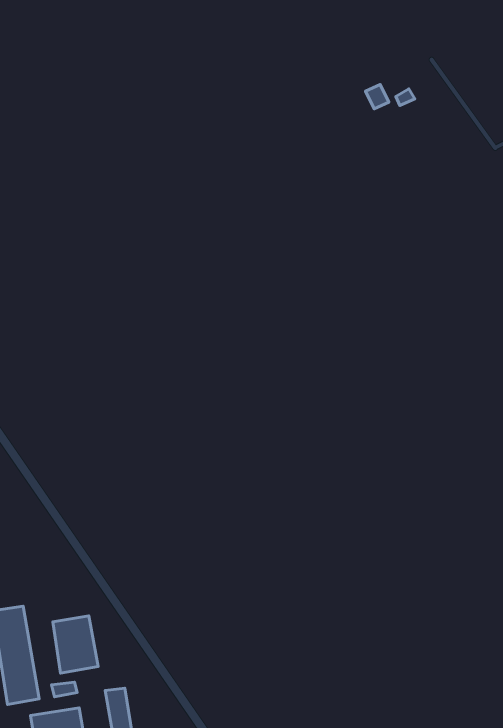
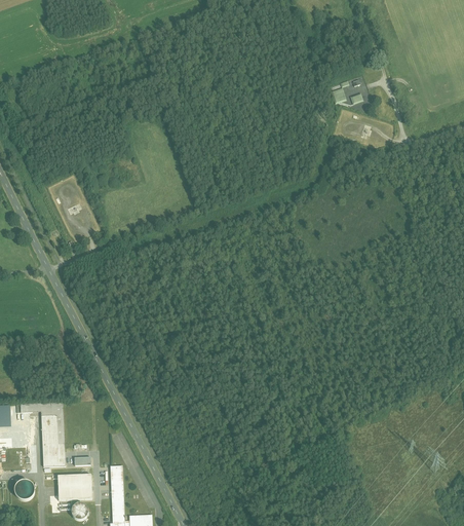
building: [53,616,98,673] -> none

